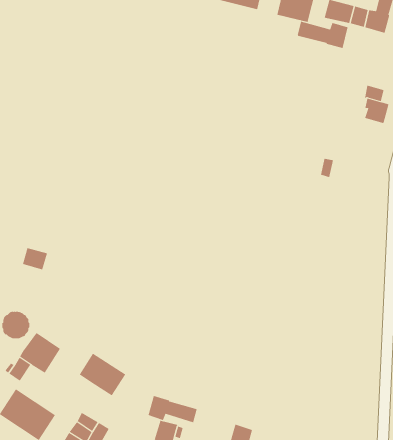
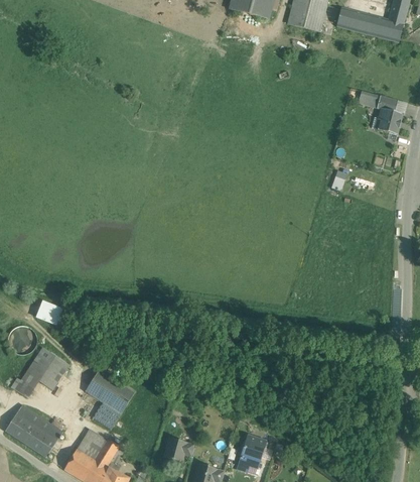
building: [297,21,348,49] -> none
building: [22,247,48,270] -> [36,300,62,324]
building: none -> [94,401,121,428]
building: [148,395,198,423] -> none

